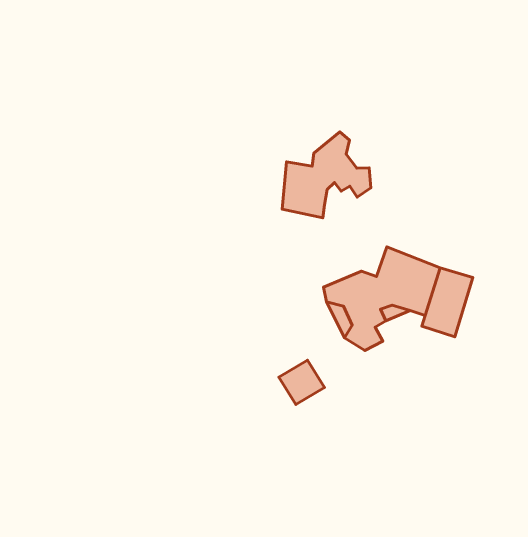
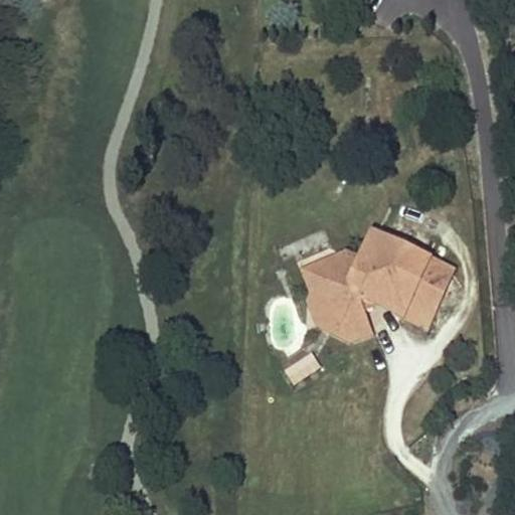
building: [282,132,371,218] -> none

